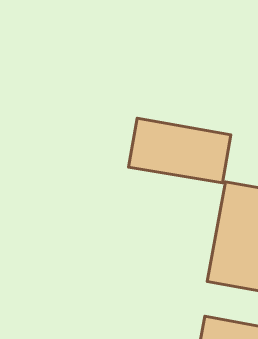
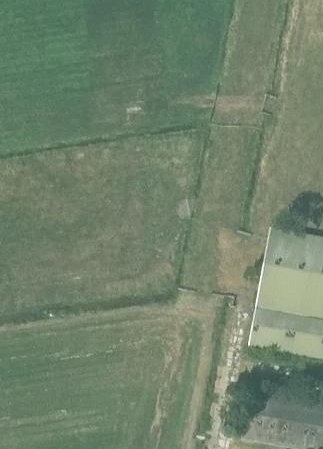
building: [128,118,231,183] -> none

